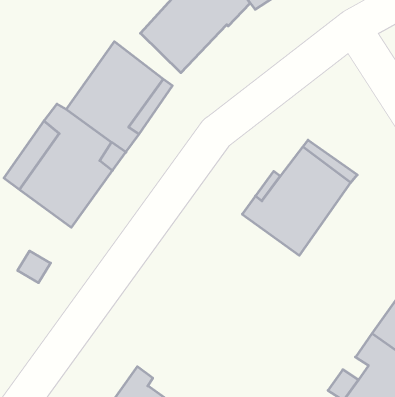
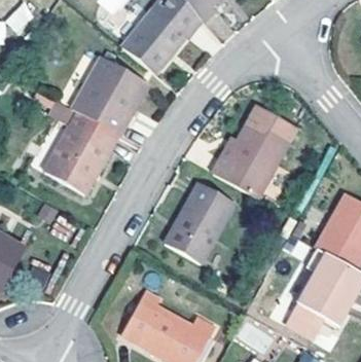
building: none -> [164,182,233,262]

